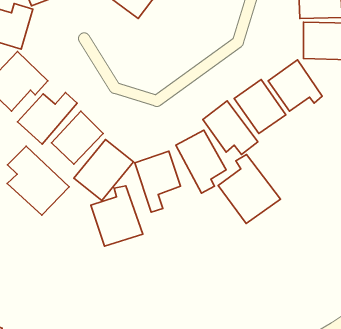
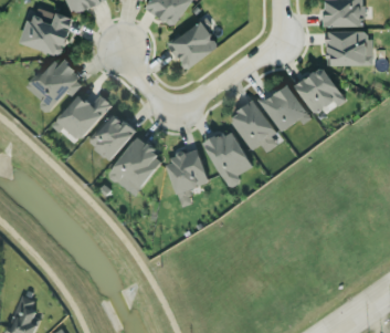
building: none -> [166,14,215,66]
building: [7,146,69,215] -> none
building: [218,154,280,223] -> none
building: [91,186,143,246] -> none

